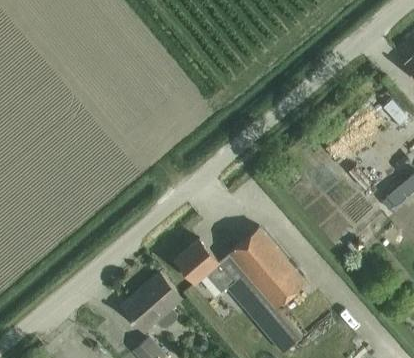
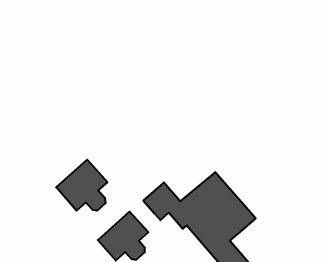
building: none -> [56,160,107,211]

